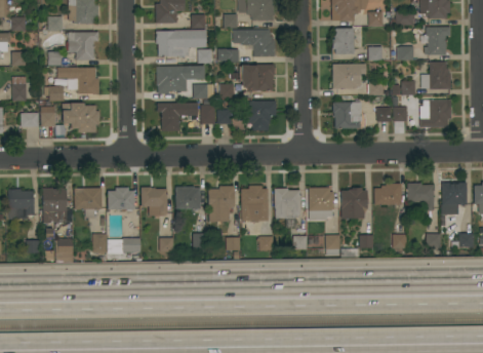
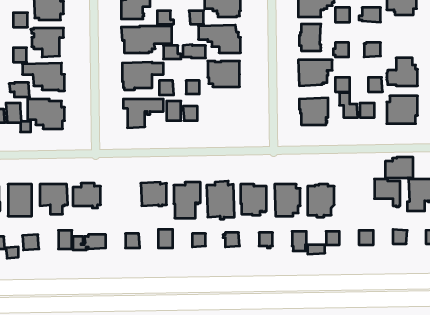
building: [425,24,450,54] -> none
building: [244,101,276,130] -> none
building: [374,184,402,205] -> [385,157,413,179]
building: [142,187,167,215] -> none

